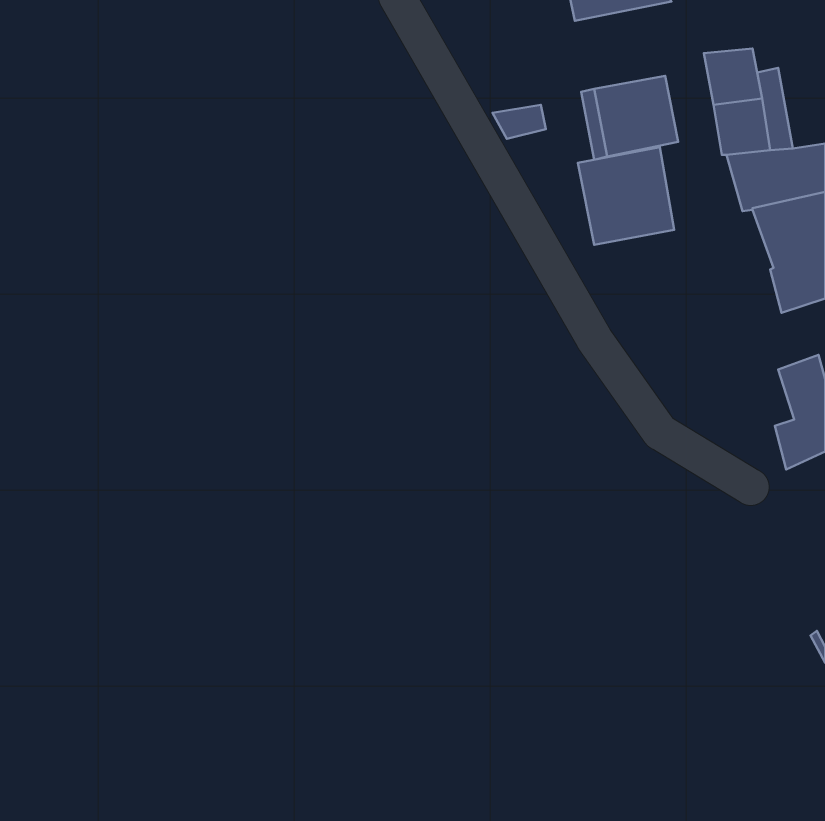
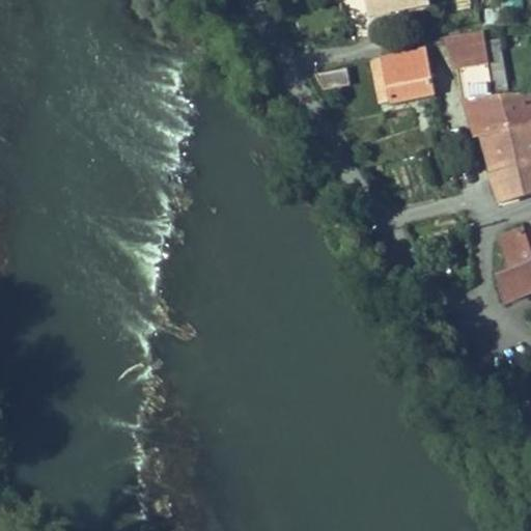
building: [578,147,674,245] -> none

